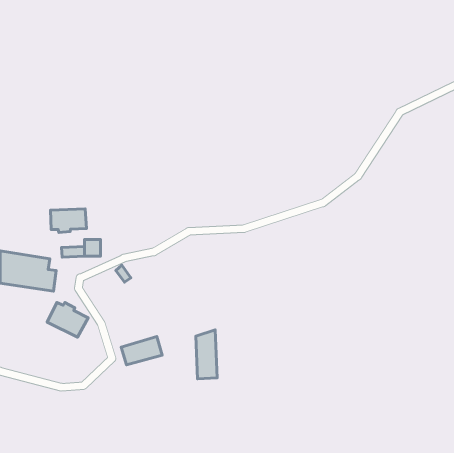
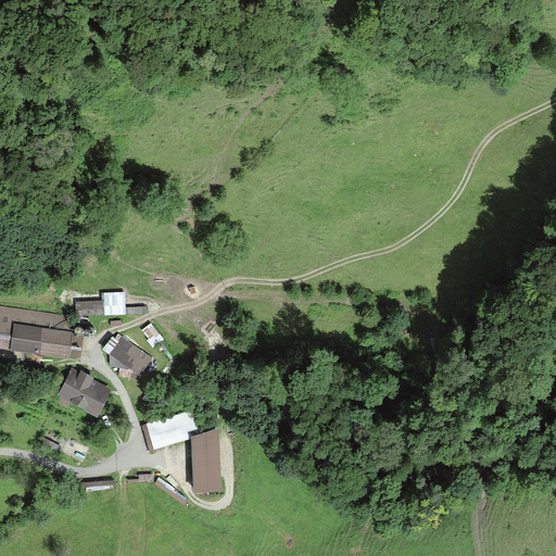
building: [51,209,87,232] -> none
building: none -> [104,338,150,374]
building: [196,330,217,379] -> [193,431,219,491]

